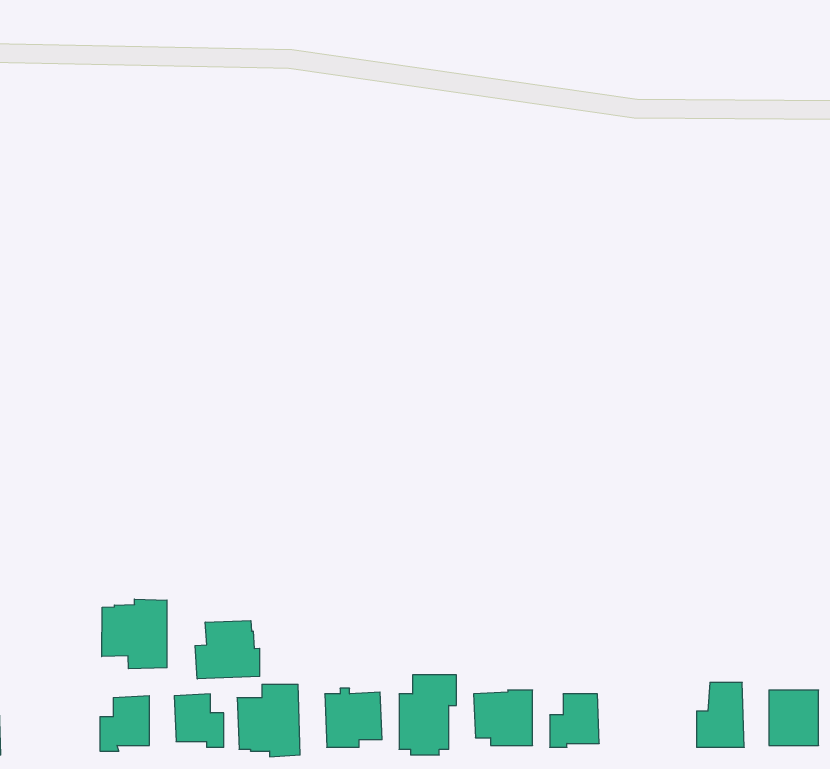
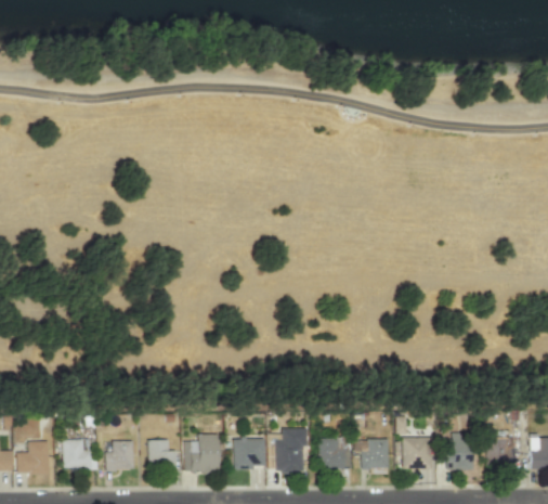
building: [102,599,167,669] -> none
building: [195,621,260,679] -> none
building: none -> [402,436,431,467]
building: none -> [63,438,91,469]

